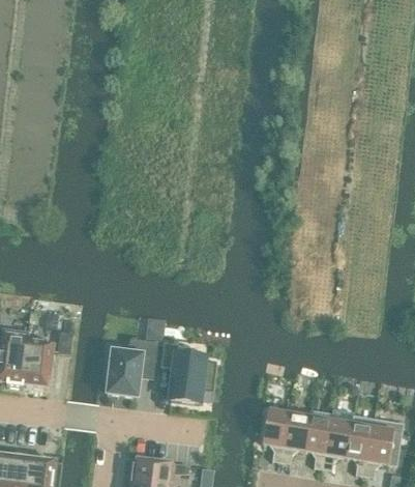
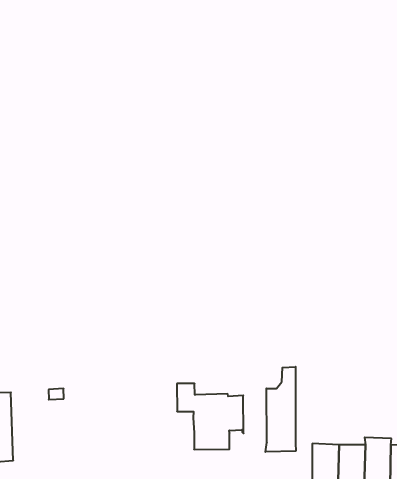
building: [21,330,52,386] -> none
building: [107,340,156,396] -> none
building: none -> [265,367,296,452]

